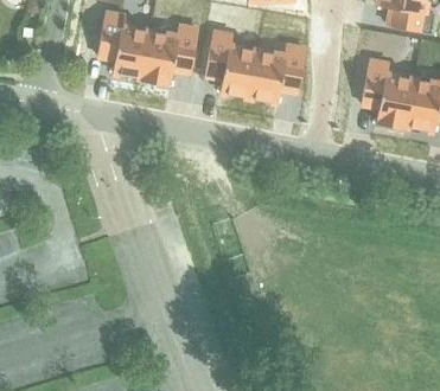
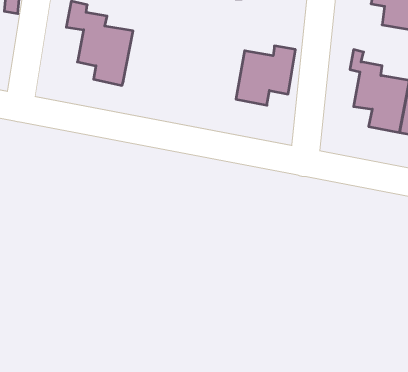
building: [141,26,199,85] -> none
building: [205,32,257,96] -> none

